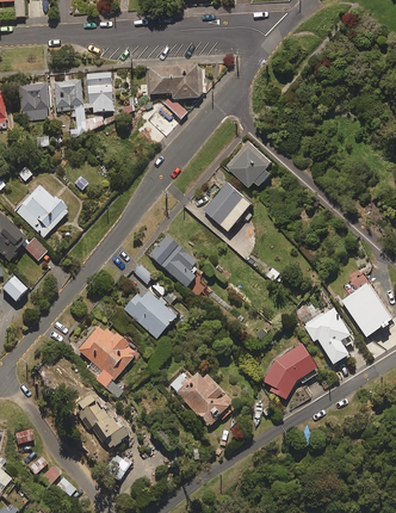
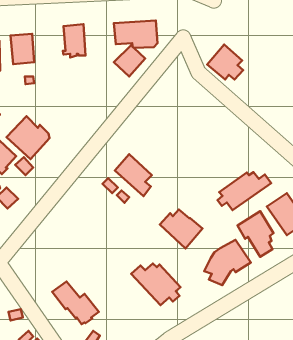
building: [52,80,85,129] -> none
building: [227,140,272,184] -> [207,44,243,80]
building: [204,181,252,230] -> none
building: none -> [217,172,271,210]
building: [123,289,177,338] -> [160,209,202,248]
building: [76,323,138,397] -> none

